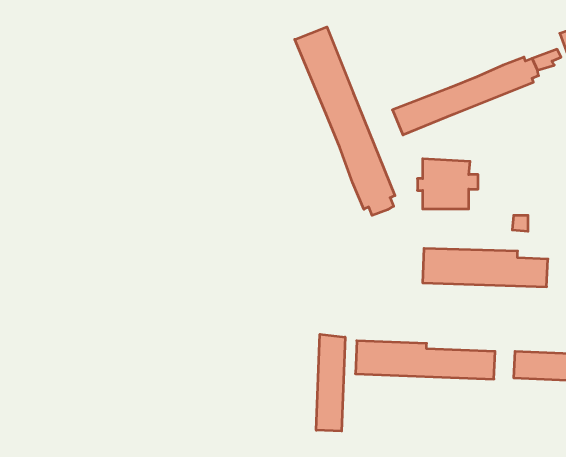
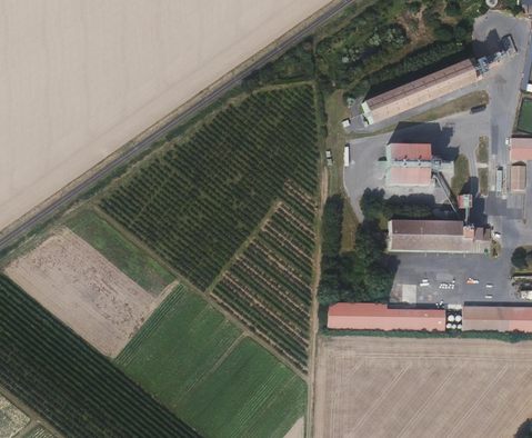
building: [295,27,395,215] -> none
building: [316,334,345,431] -> none

